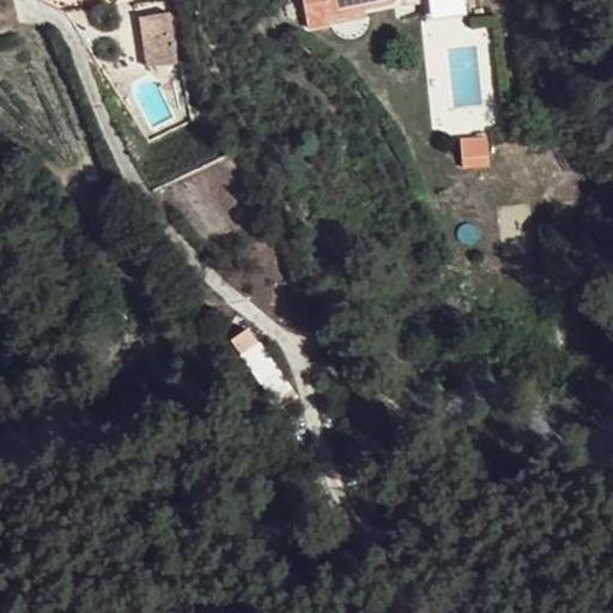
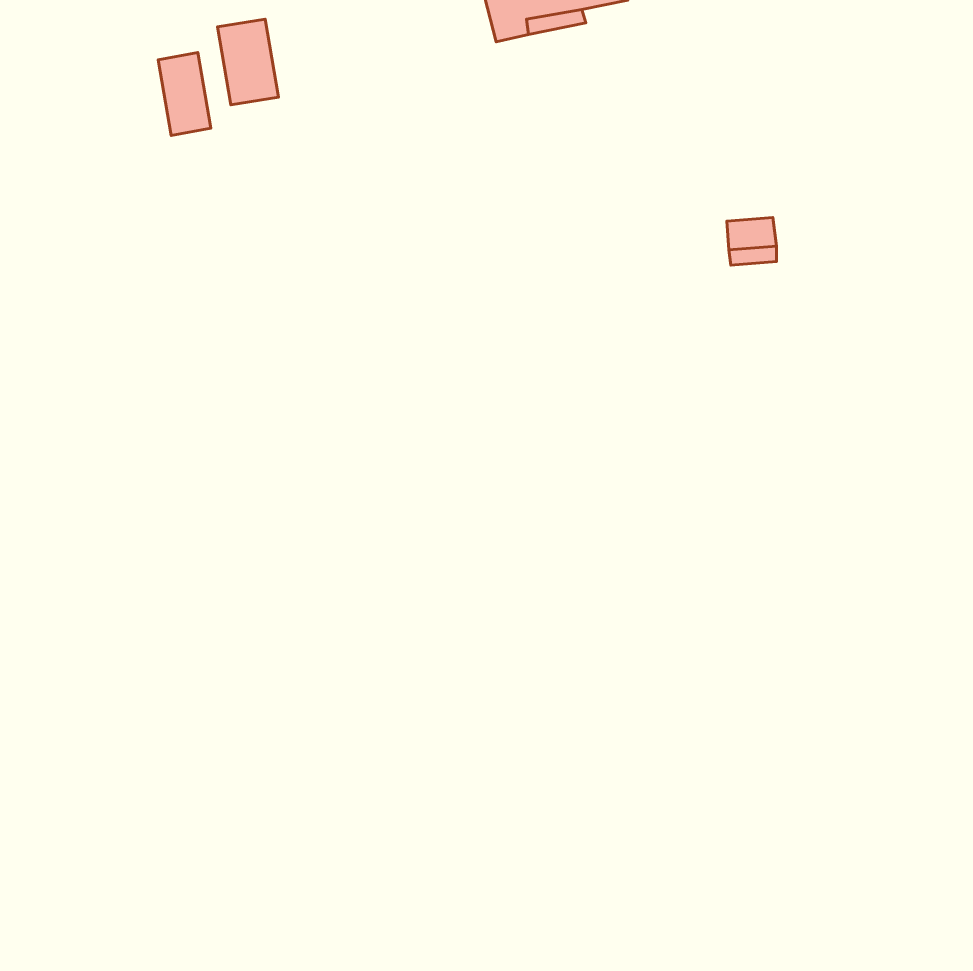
building: none -> [158,52,211,136]

